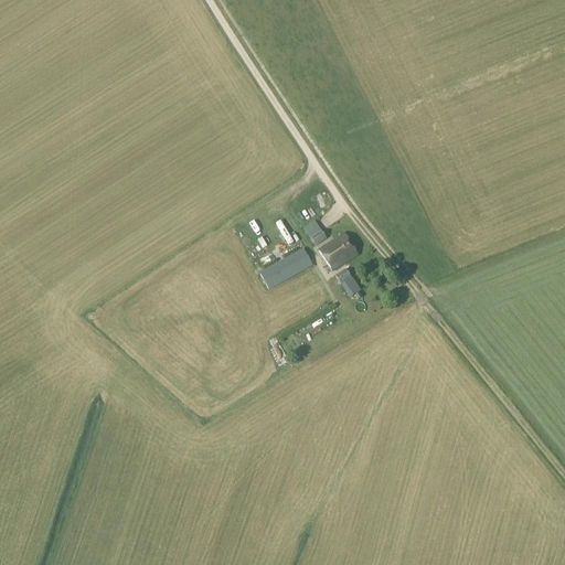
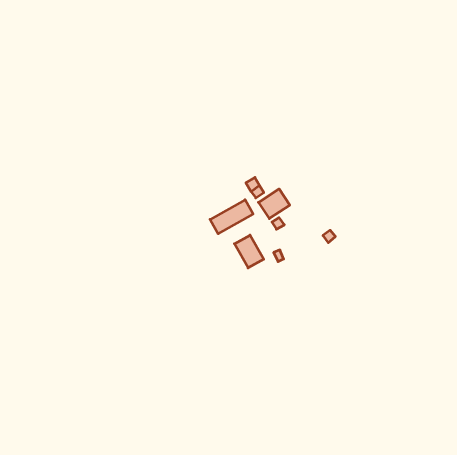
building: none -> [234,235,264,268]

